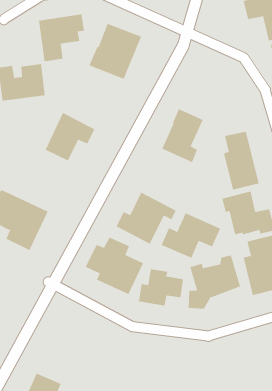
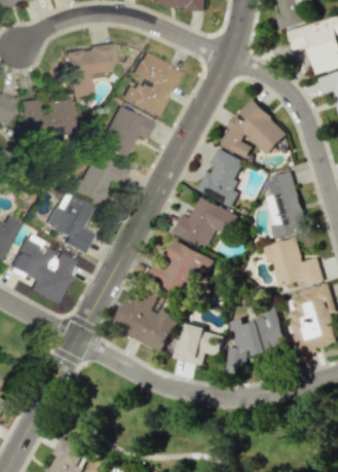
building: none -> [219,98,288,157]
building: none -> [85,105,150,157]
building: none -> [42,192,89,253]
building: [161,212,221,258] -> [172,196,237,247]

